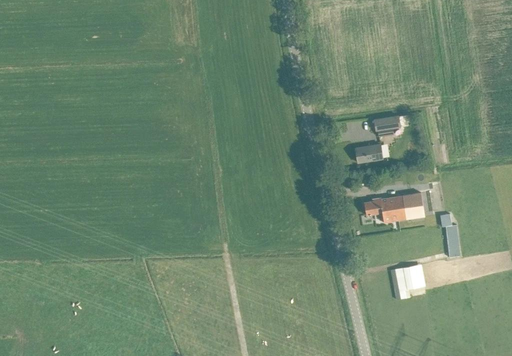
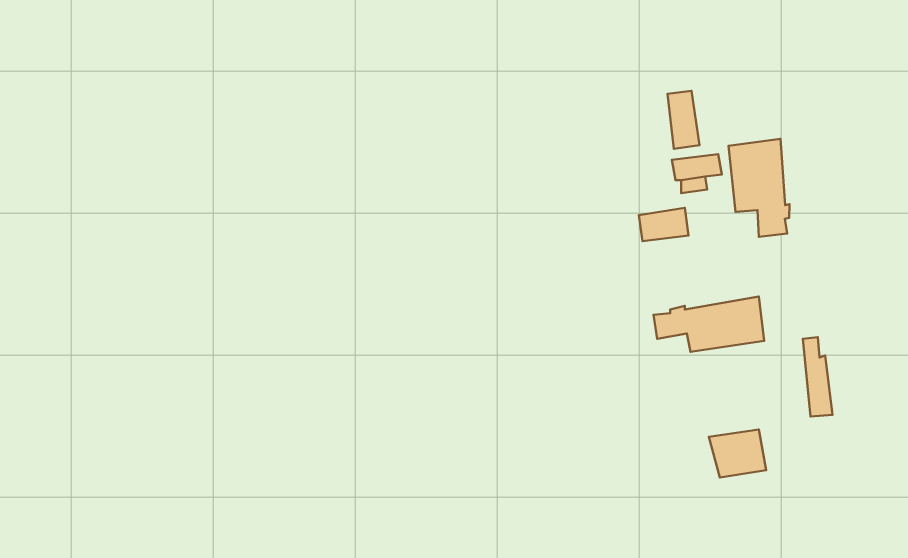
building: none -> [667,91,699,149]
building: none -> [729,139,789,237]

